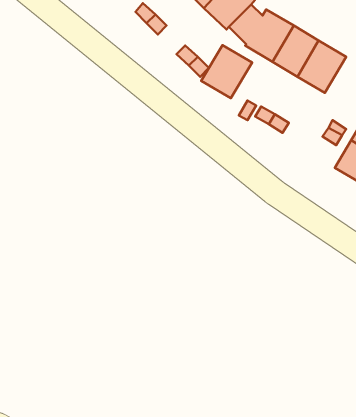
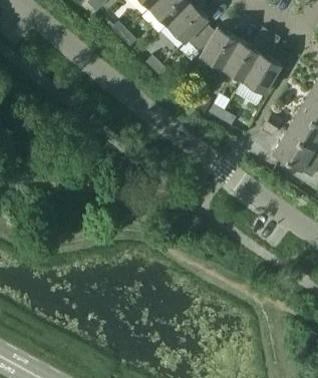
building: [201,45,252,98] -> none

